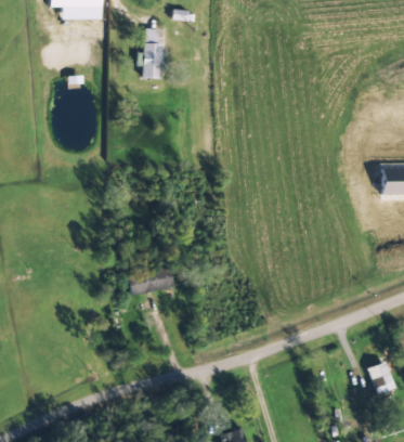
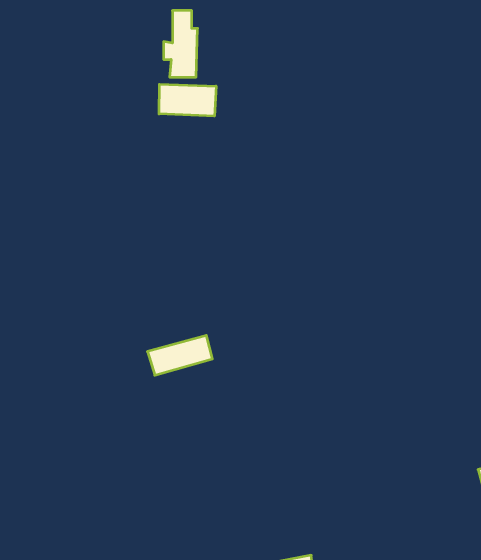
building: none -> [159,84,216,116]

